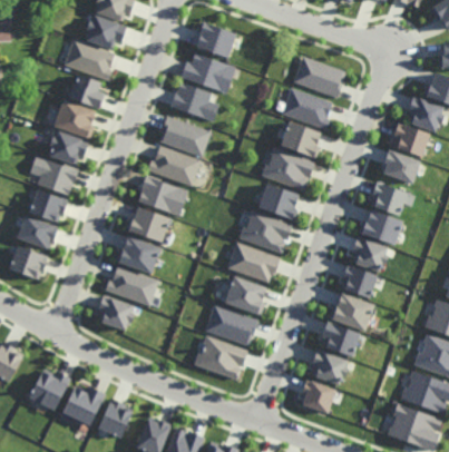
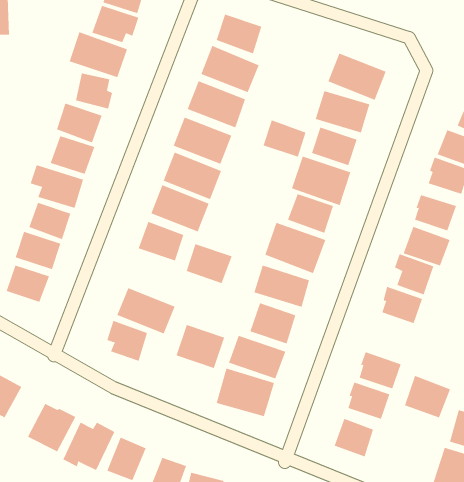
building: none -> [263,120,306,158]
building: [120,236,162,272] -> [186,244,232,284]
building: [333,292,374,330] -> [404,375,451,418]
building: none -> [176,324,225,369]

